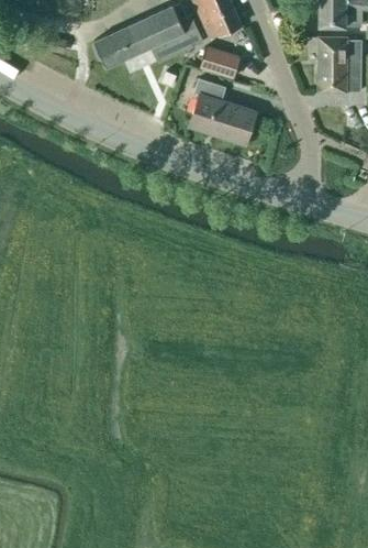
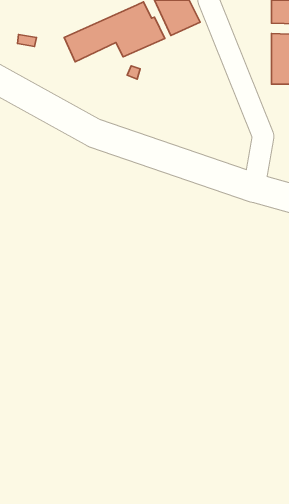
building: [188,48,236,77] -> none
building: [190,78,257,144] -> none

